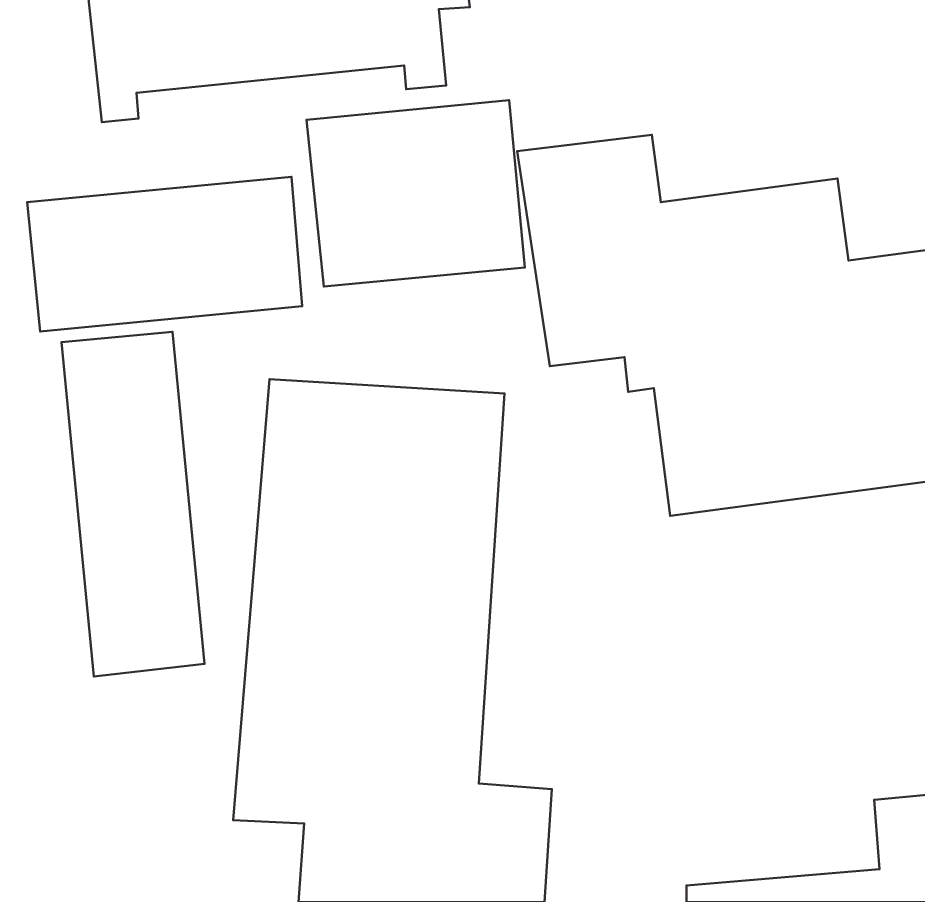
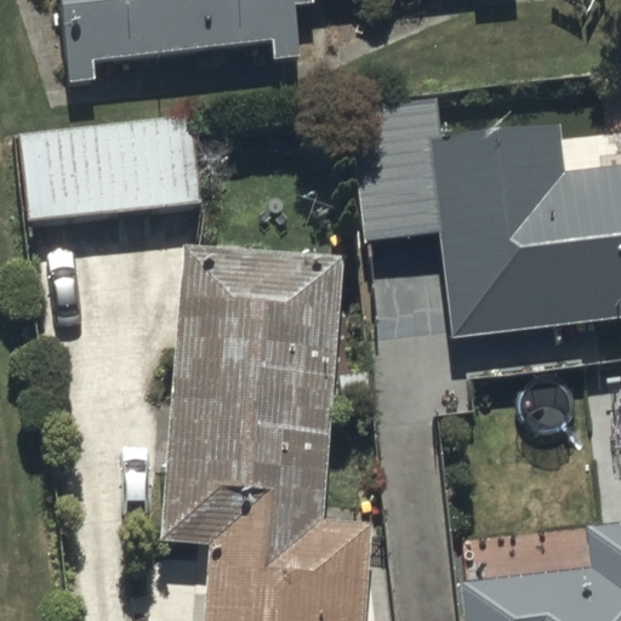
building: [307,100,525,287] -> none
building: [62,332,204,677] -> none

